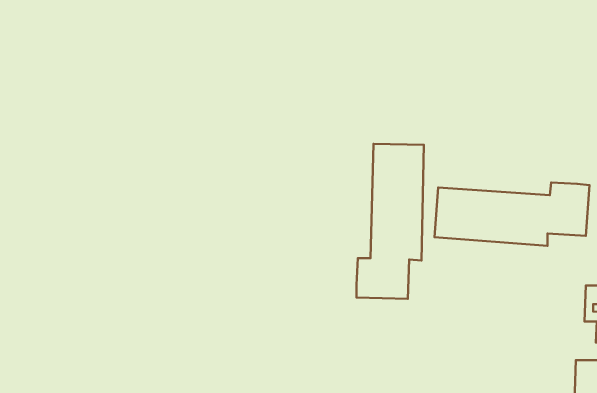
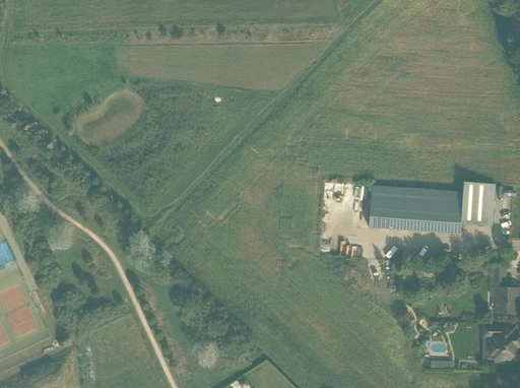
building: [357,144,424,299] -> none

